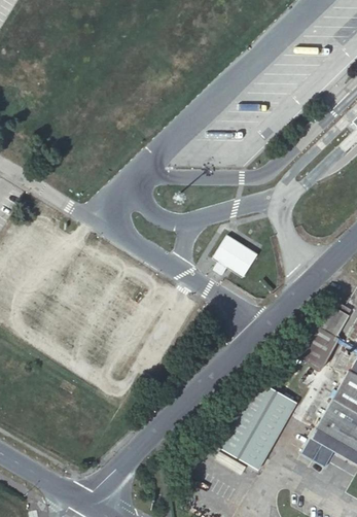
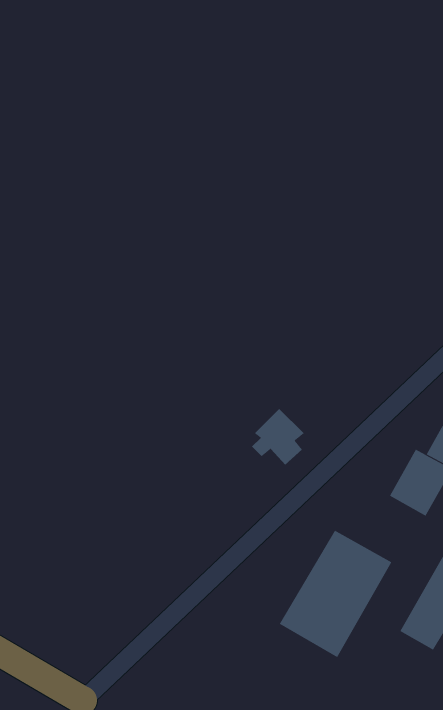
building: [213,239,250,279] -> [251,408,304,466]

